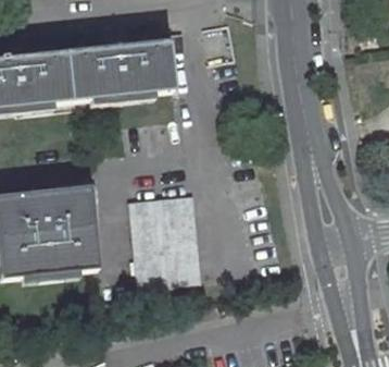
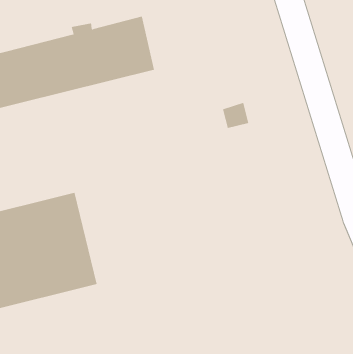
building: [133,192,203,285] -> none

